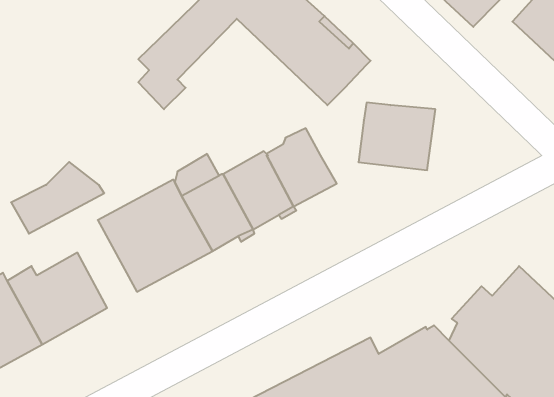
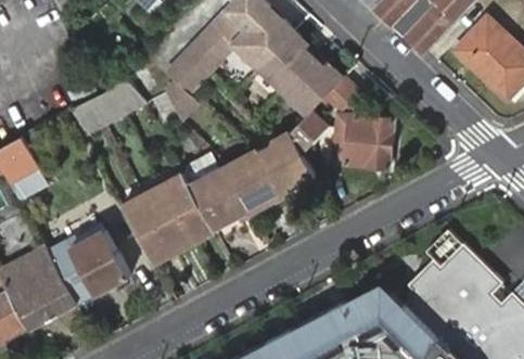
building: none -> [291,81,360,154]
building: [11,162,104,234] -> [71,77,145,134]

